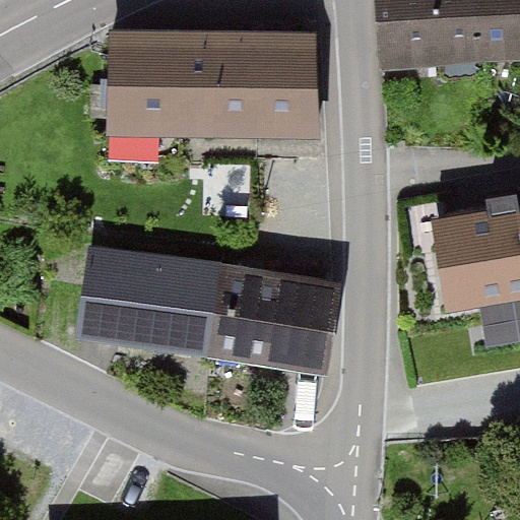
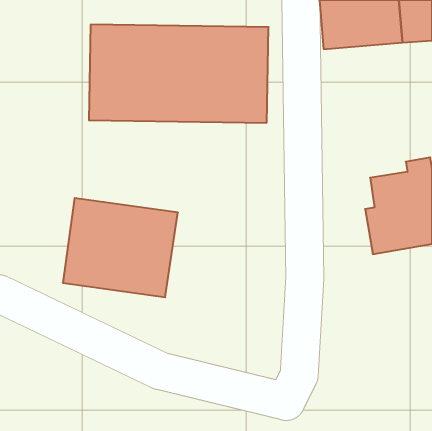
building: [198,257,336,376] -> none

